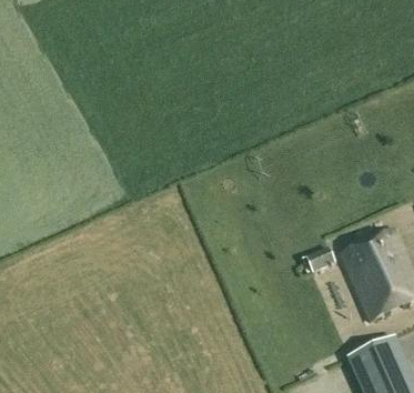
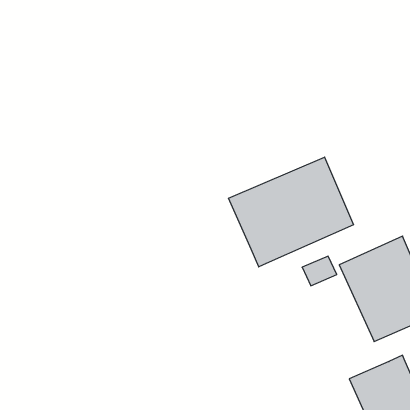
building: none -> [229,157,353,267]

